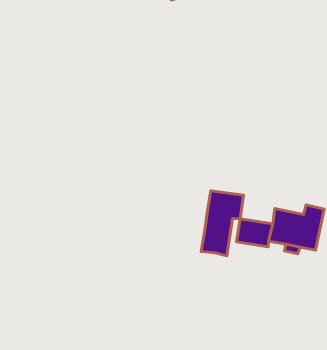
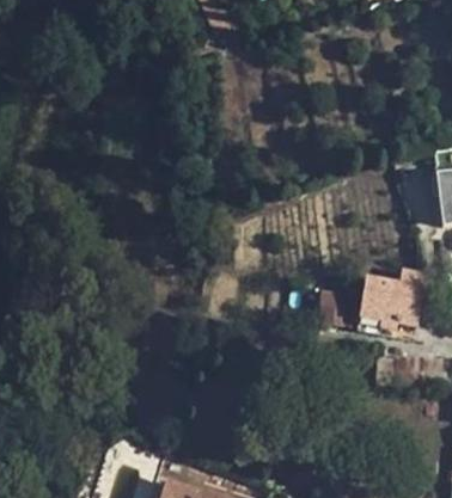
building: [201,191,243,256] -> none

